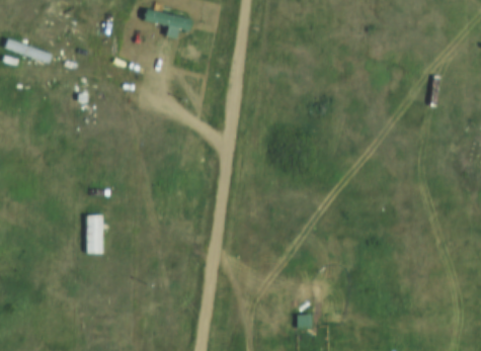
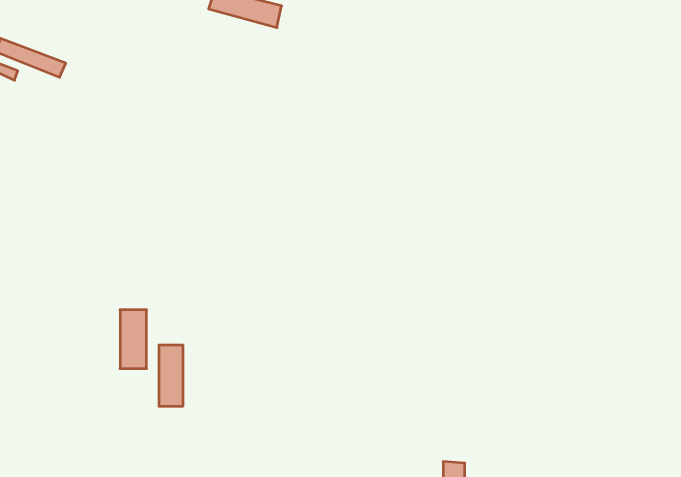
building: none -> [159,345,183,406]

